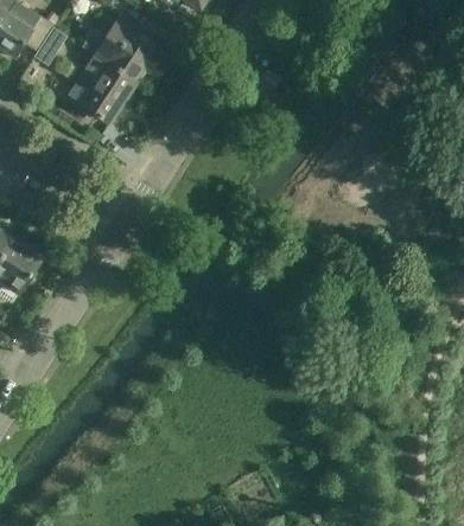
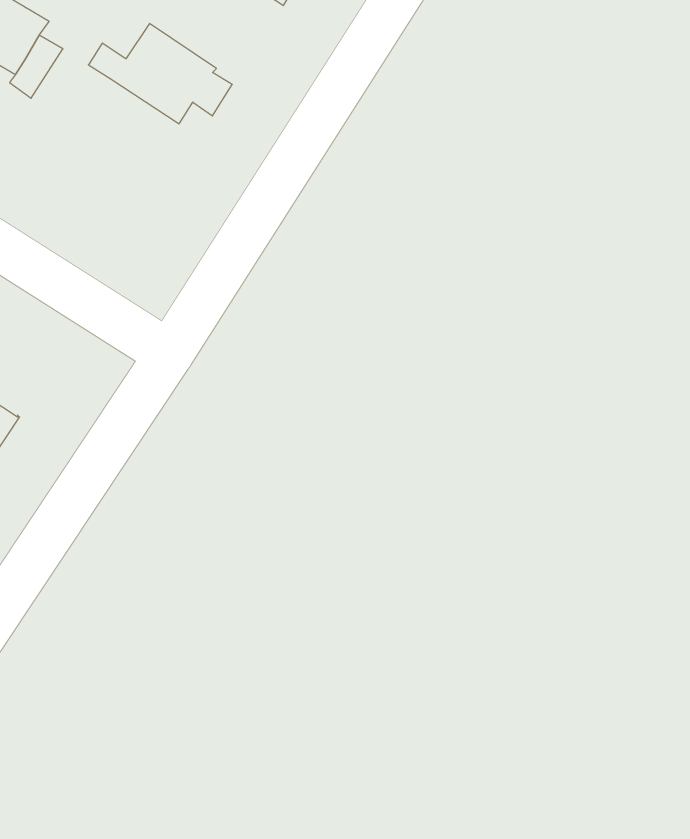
building: [76,52,133,120] -> none

